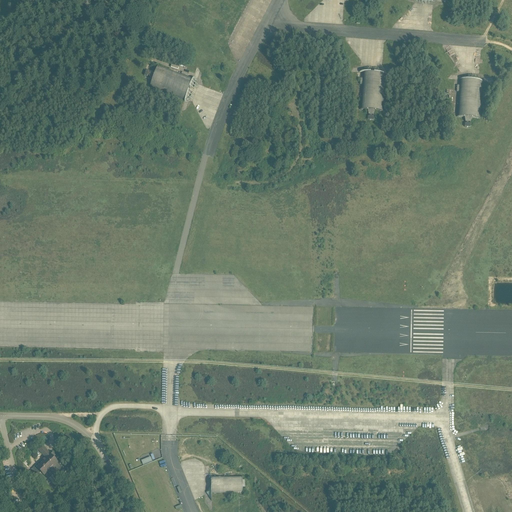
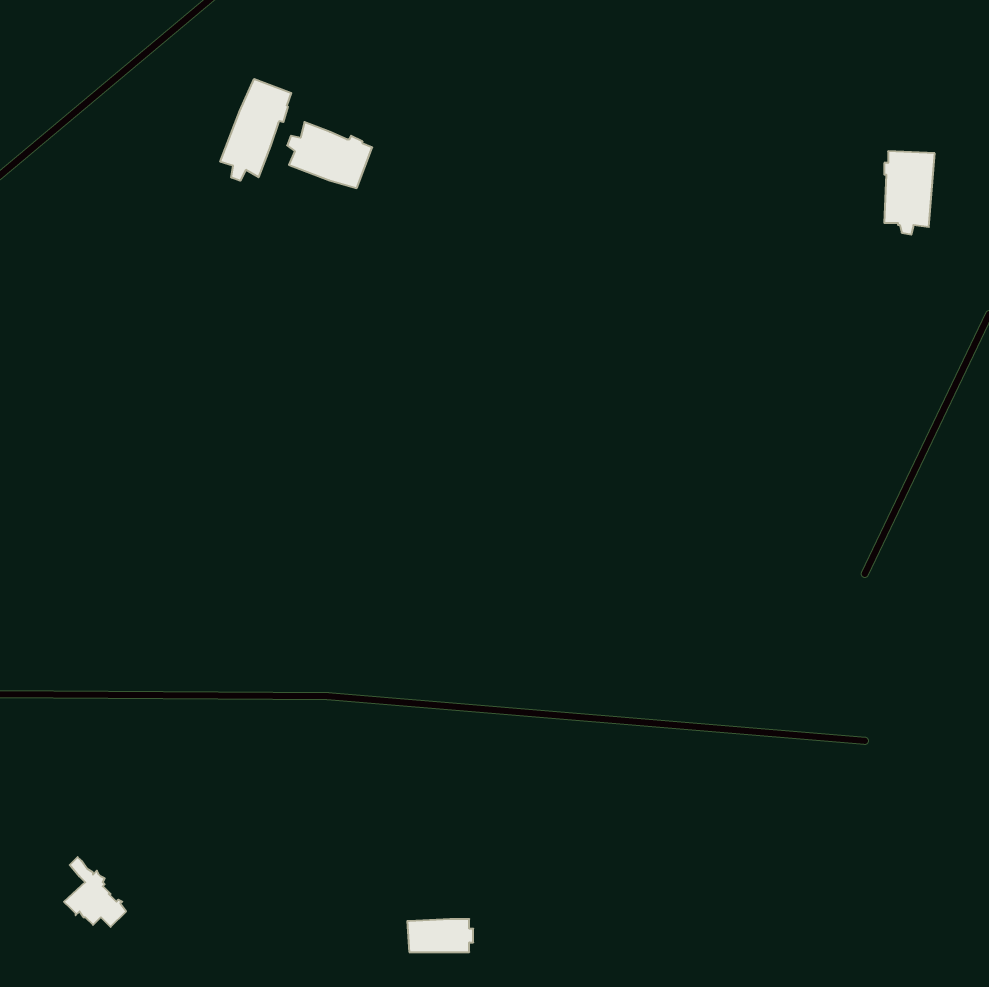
building: none -> [220,79,291,181]
building: [359,71,385,113] -> none

